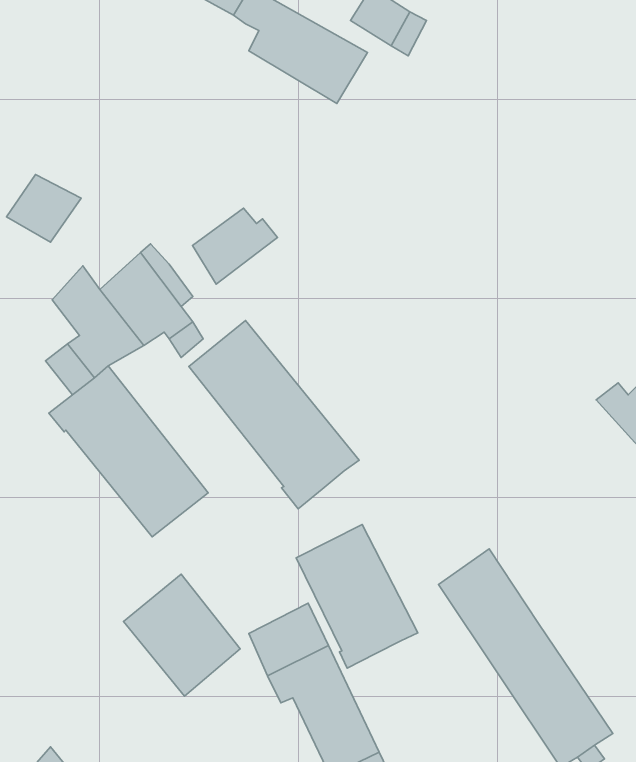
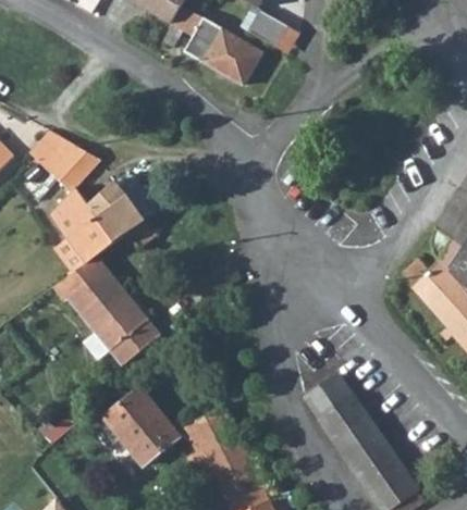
building: none -> [53,146,99,191]
building: [193,208,278,284] -> none
building: [189,321,359,509] -> none
building: [296,525,418,668] -> none

